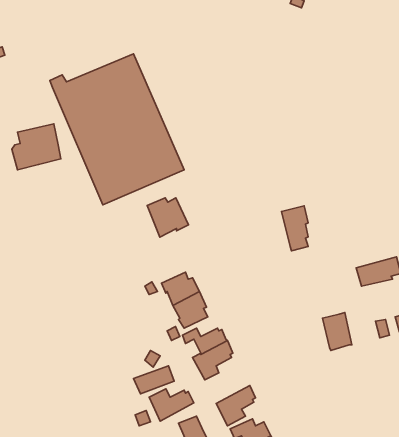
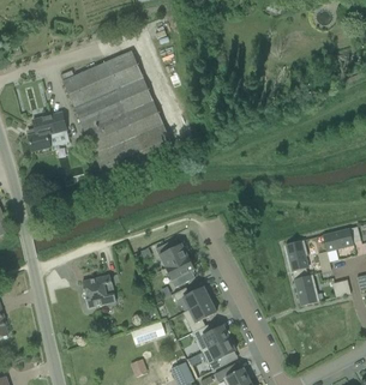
building: [147,198,188,237] -> none
building: [282,206,308,251] -> [286,240,308,278]
building: none -> [83,275,116,307]
building: [149,389,194,421] -> [193,324,232,351]

